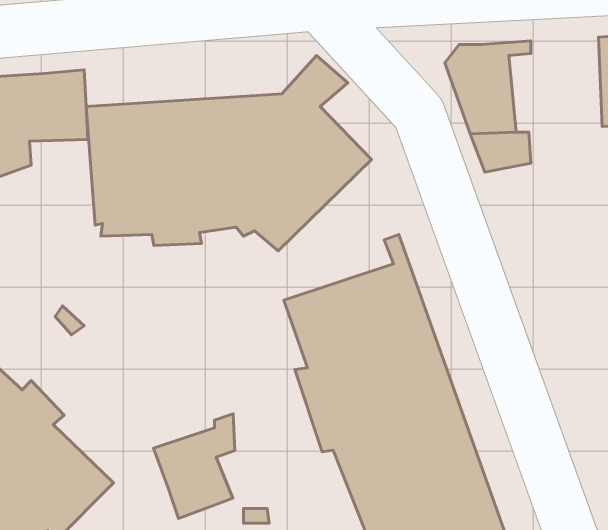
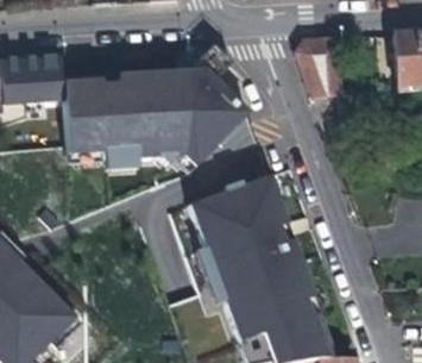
building: [154,414,235,519] -> none

